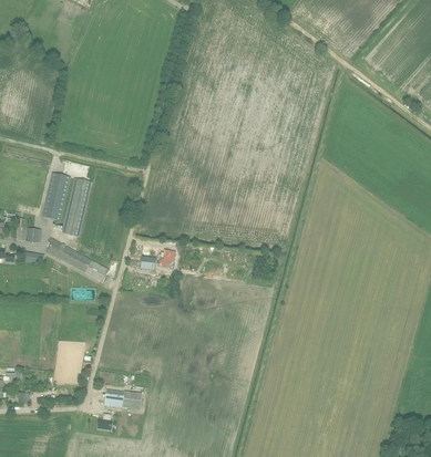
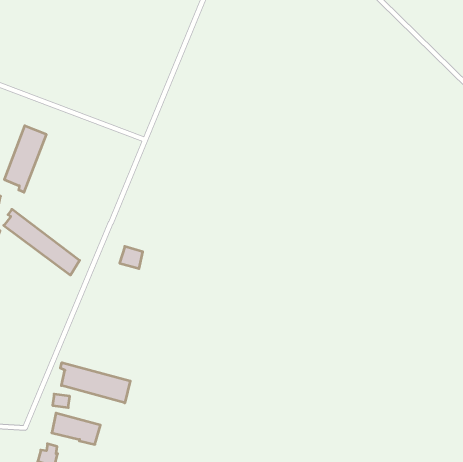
building: [61,178,91,237] -> none
building: none -> [60,363,130,403]

